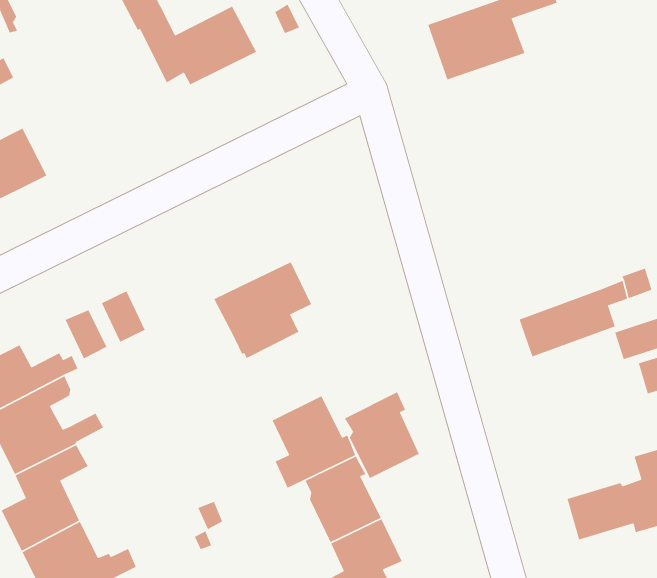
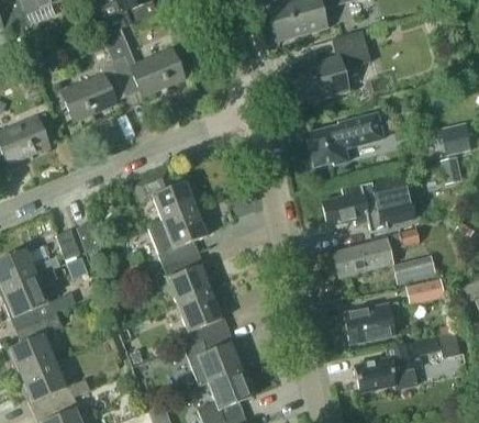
building: none -> [63,60,127,122]
building: none -> [307,111,385,167]
building: none -> [323,172,414,231]
building: none -> [133,171,197,222]
building: [344,391,420,479] -> [165,253,210,305]
building: none -> [345,303,398,344]

